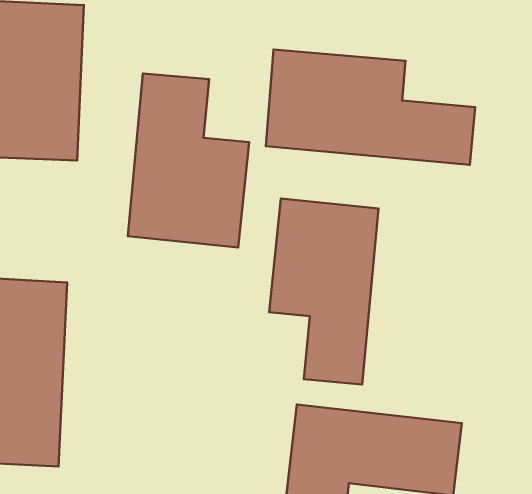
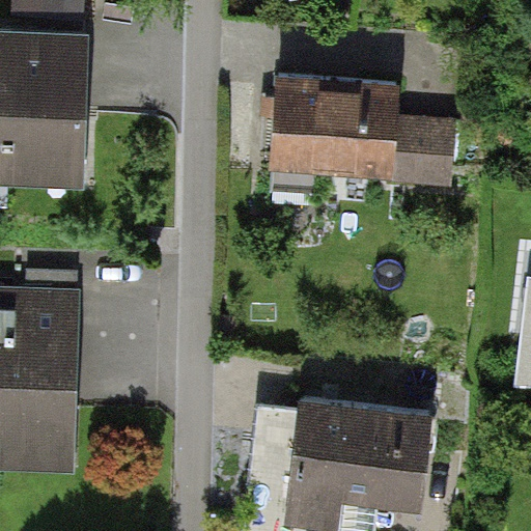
building: [128,73,249,247] -> none
building: [269,198,379,384] -> none

